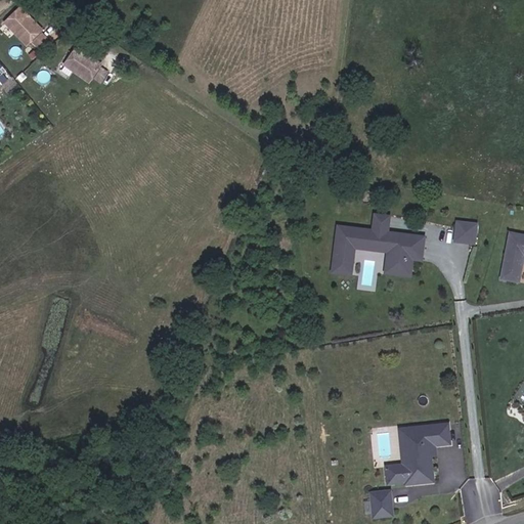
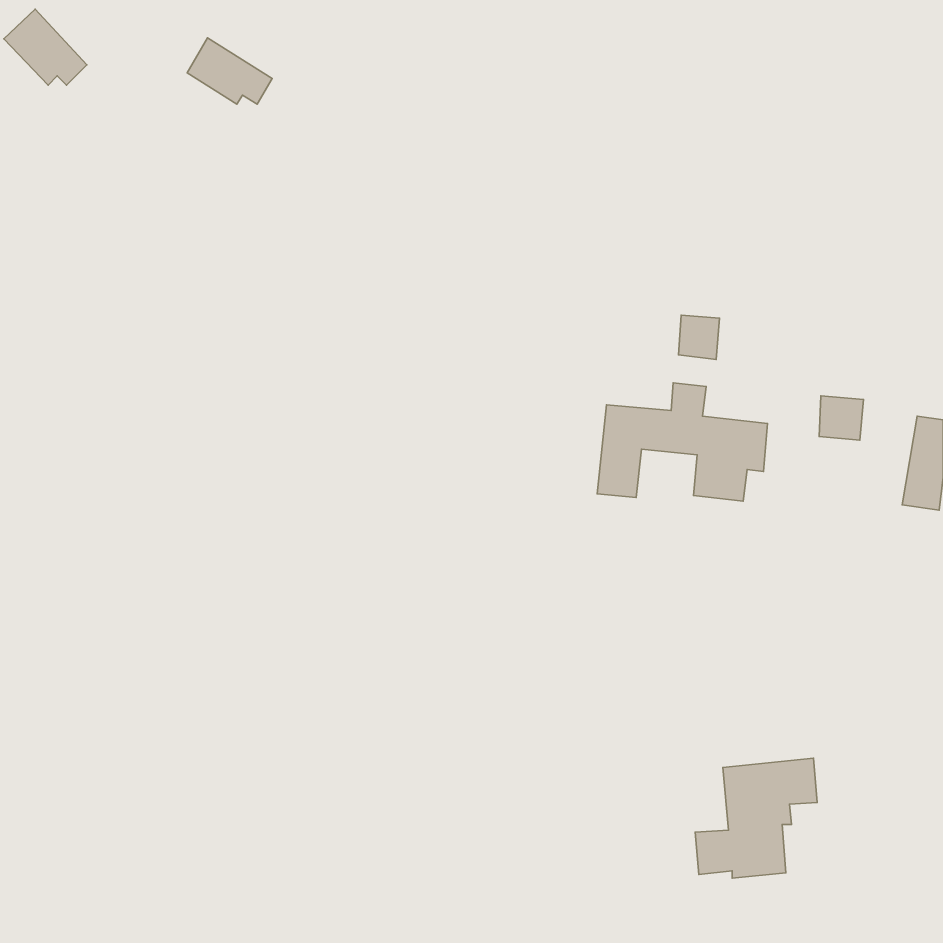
building: [62,47,110,84] -> [187,38,272,104]
building: none -> [678,315,719,359]
building: [370,490,393,519] -> none

